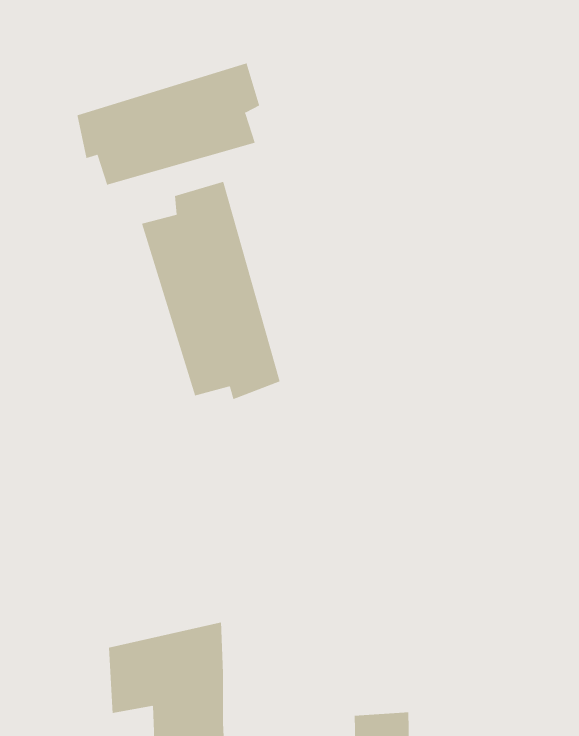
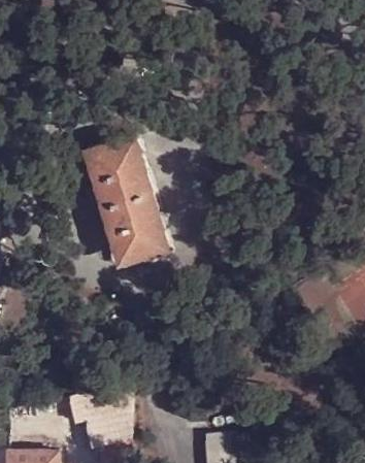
building: [77,62,260,185] -> none

